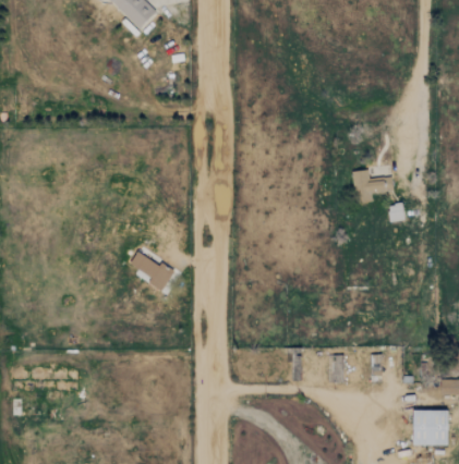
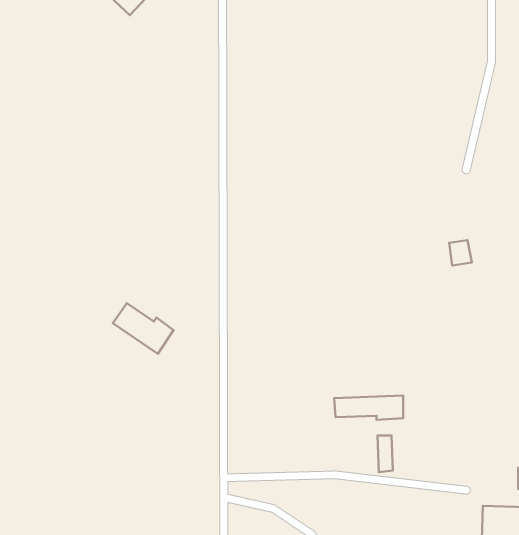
building: [352,170,394,205] -> none
building: none -> [334,395,403,420]

